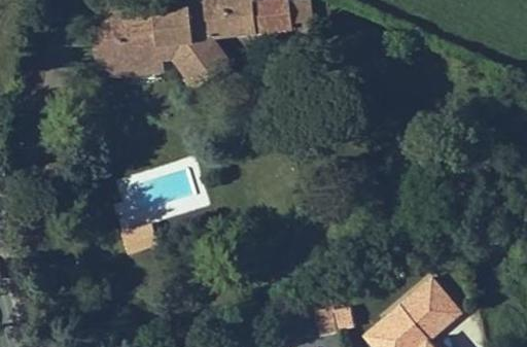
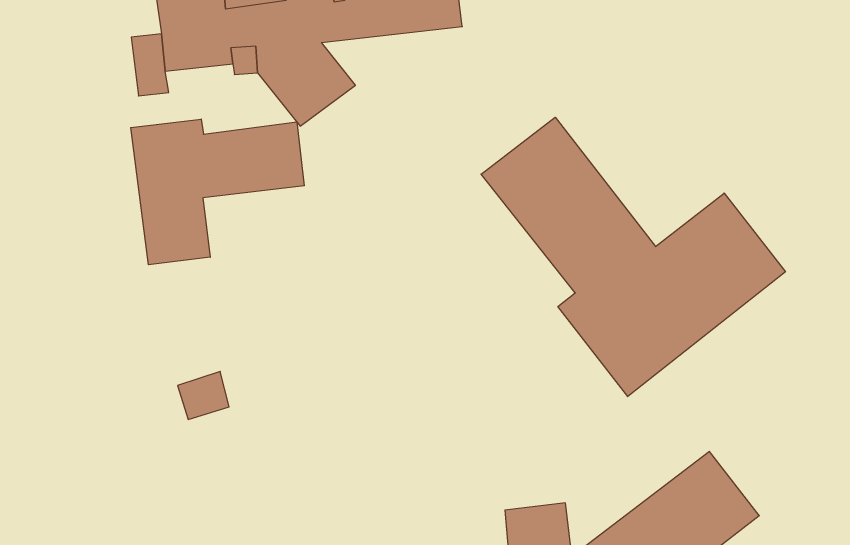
building: none -> [481,117,785,397]
building: none -> [131,119,304,265]

